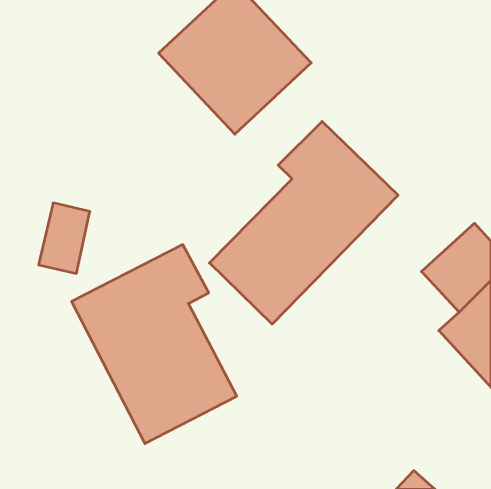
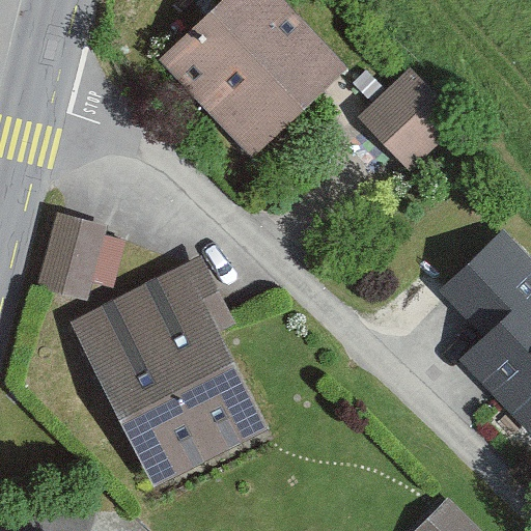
building: none -> [365,77,449,160]
building: [209,121,398,324] -> none

